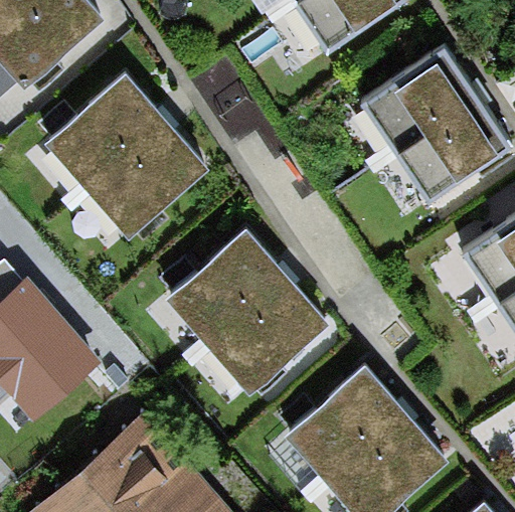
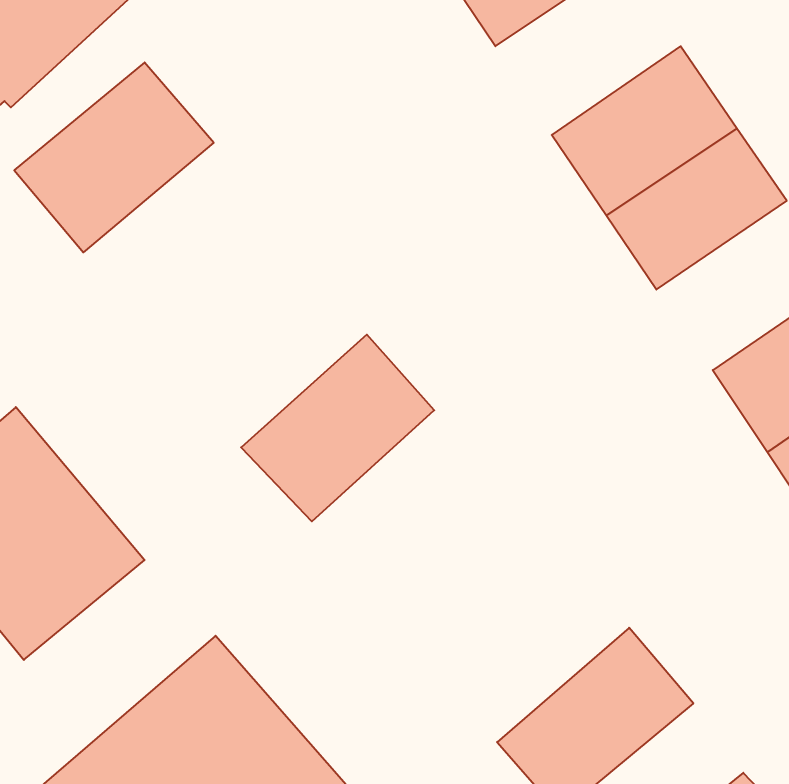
building: [69,111,209,238] -> none
building: [212,278,330,392] -> none
building: [286,364,410,485] -> none

